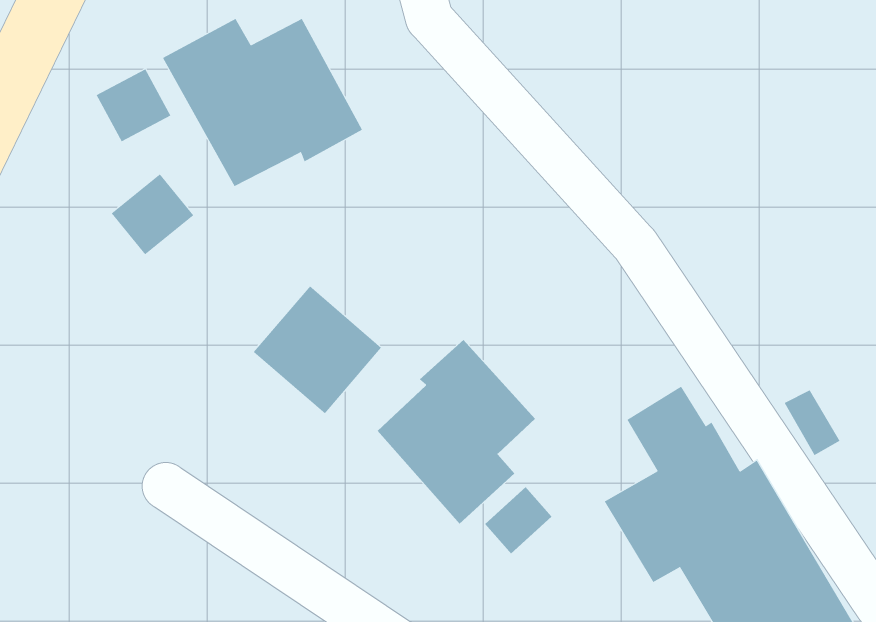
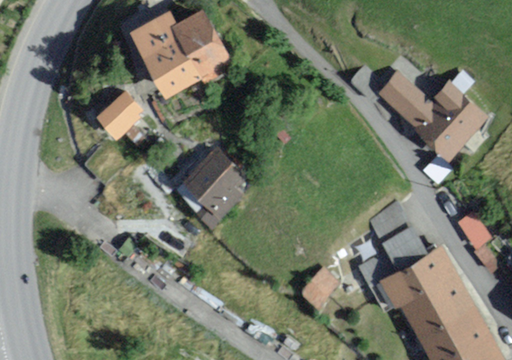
building: [96,68,171,142] -> none
building: none -> [378,75,482,155]
building: [377,339,536,524] -> none

